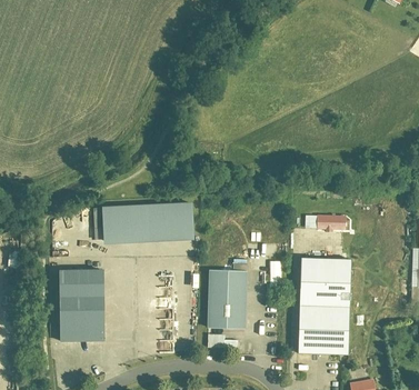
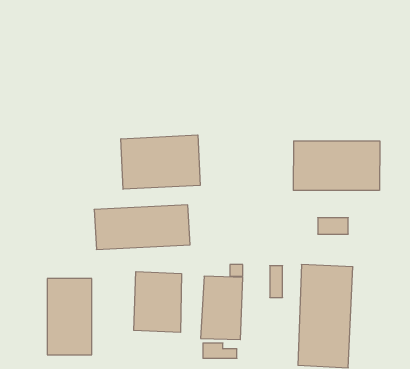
building: none -> [121,135,200,189]
building: none -> [293,141,380,190]
building: none -> [134,272,181,332]

